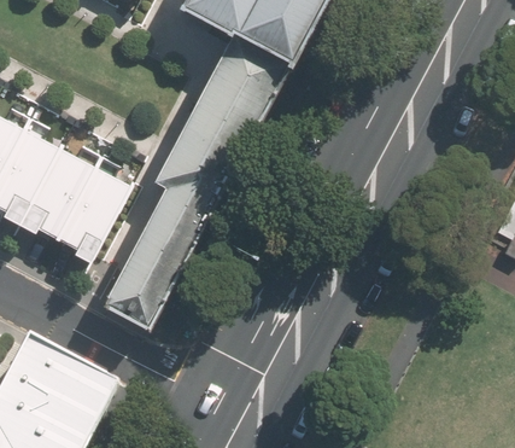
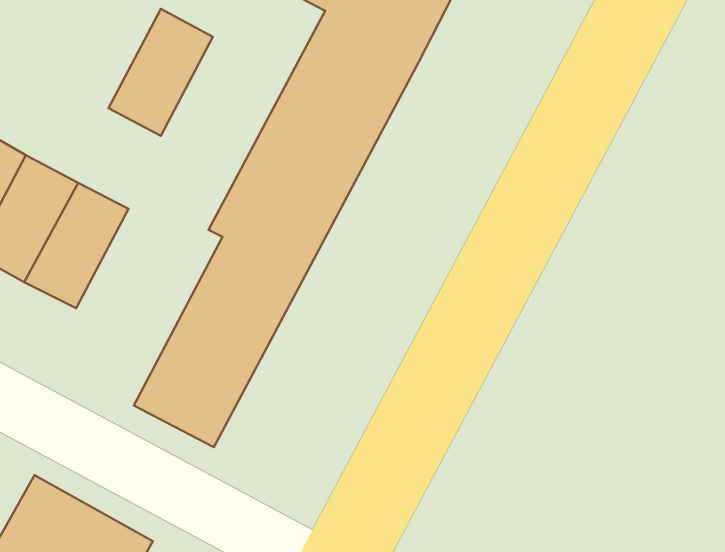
building: [59,164,131,252] -> [108,9,213,136]

